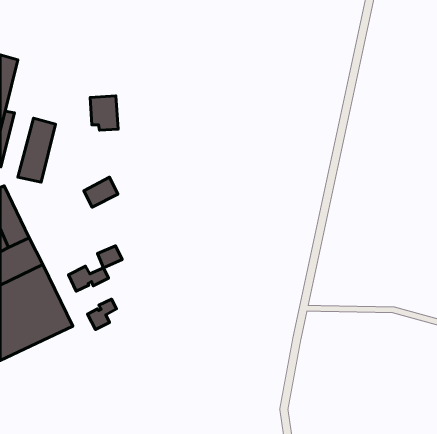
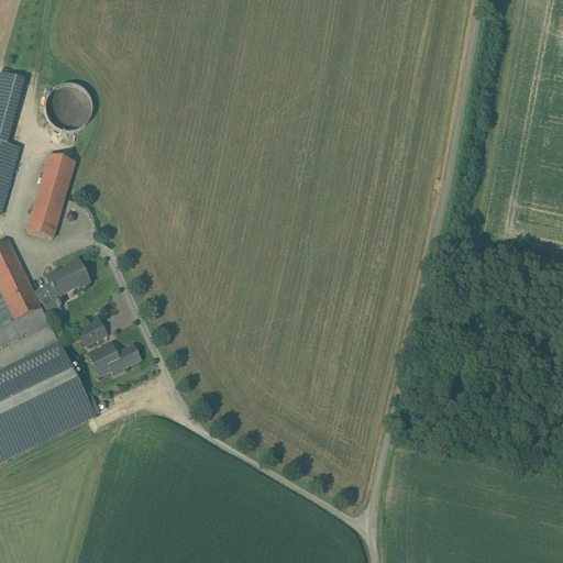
building: [90,96,118,130] -> [52,81,88,125]
building: [84,177,118,207] -> [44,257,88,296]
building: [97,246,122,268] -> [75,317,107,345]
building: [88,299,116,329] -> none

